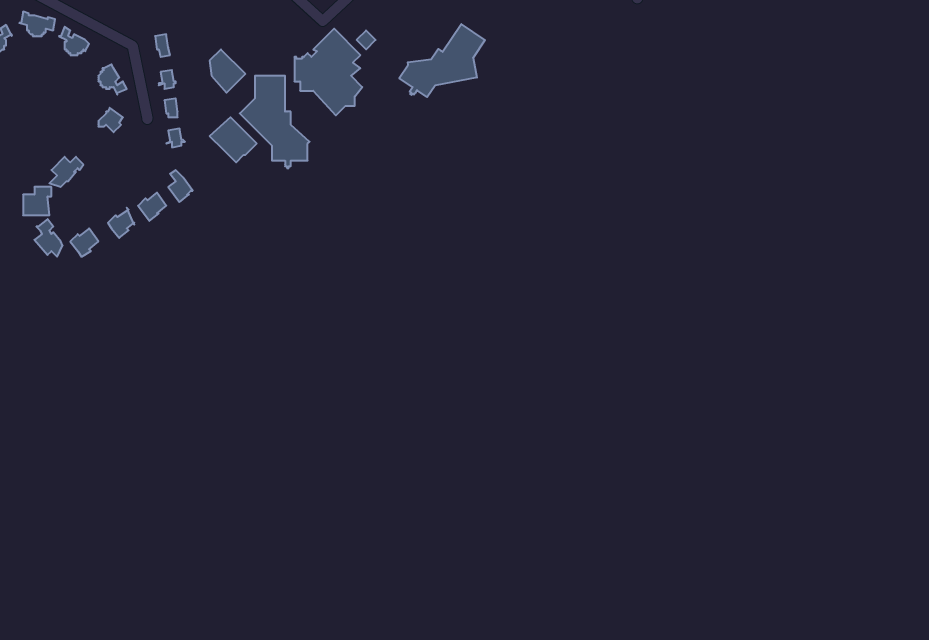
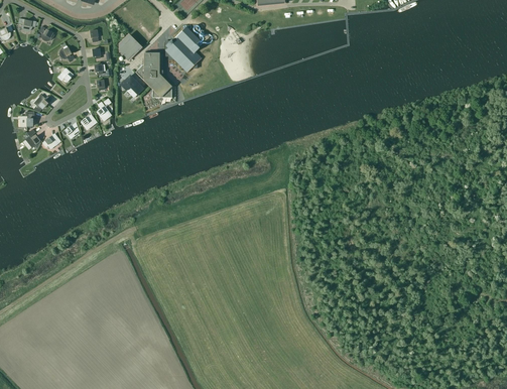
building: [399,24,485,97] -> none

